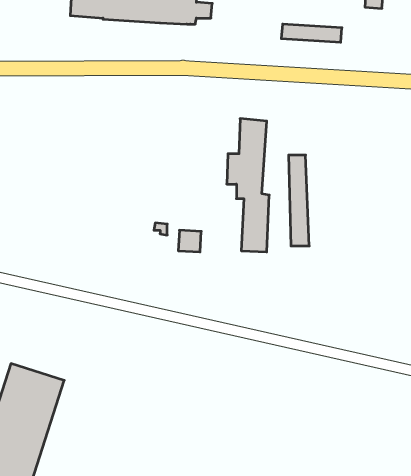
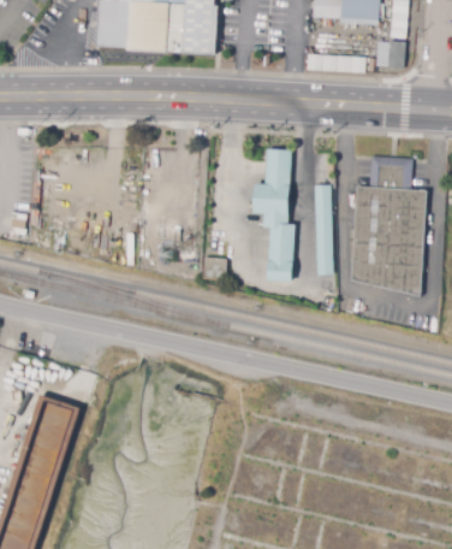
building: none -> [376,41,404,67]
building: none -> [349,155,426,295]

